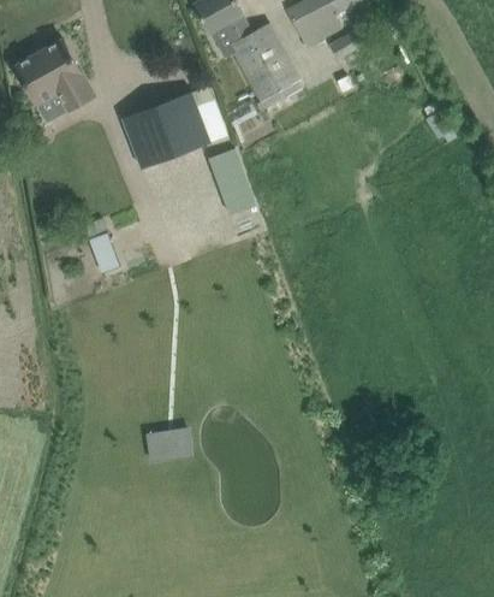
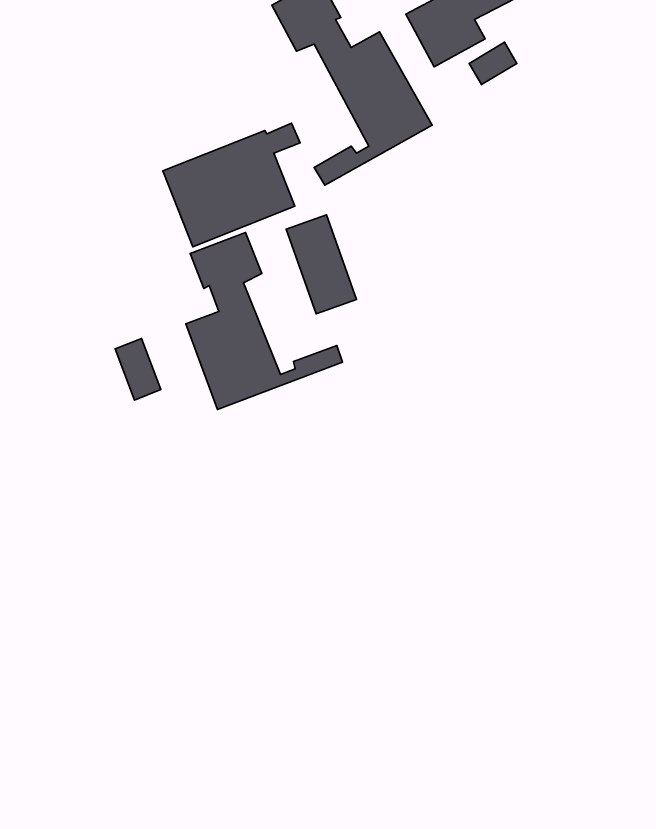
building: [16,41,93,111] -> none
building: none -> [186,232,343,410]
building: [144,427,192,463] -> none

